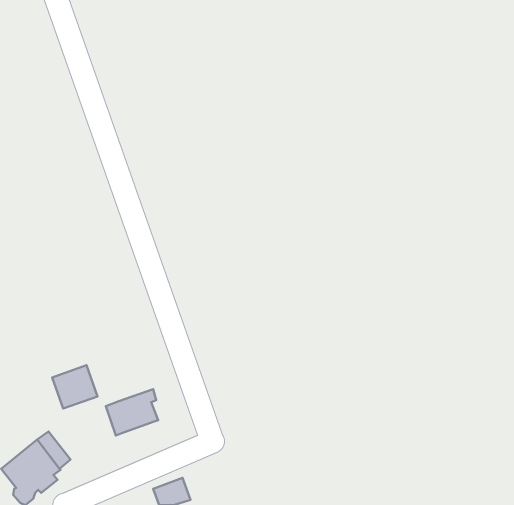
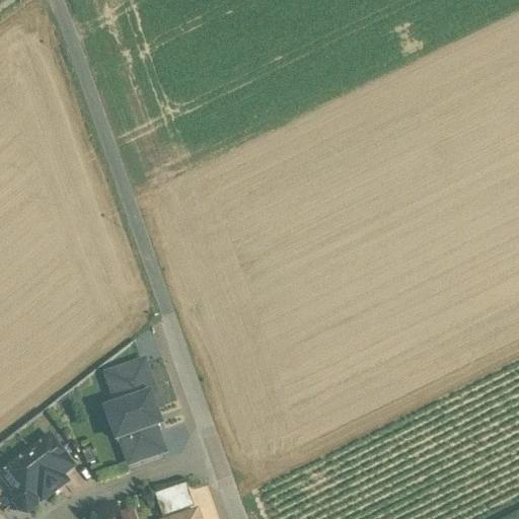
building: [52,365,98,409] -> [108,360,154,403]
building: none -> [122,424,163,459]

